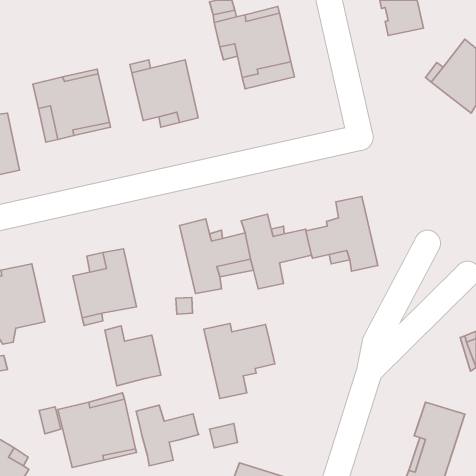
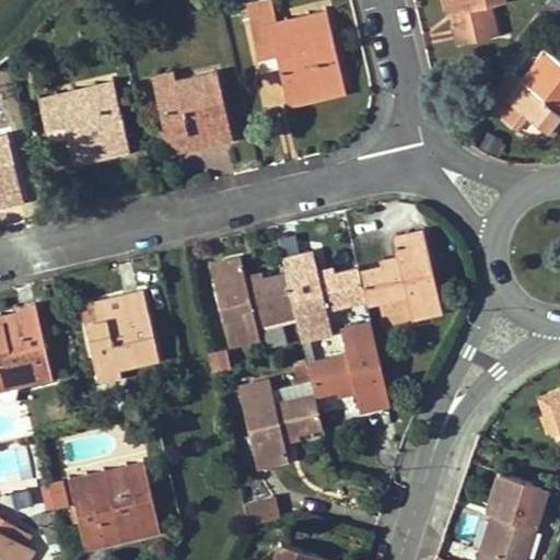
building: none -> [306,325,389,410]
building: [105,326,161,386] -> none
building: [136,405,199,466] -> none

